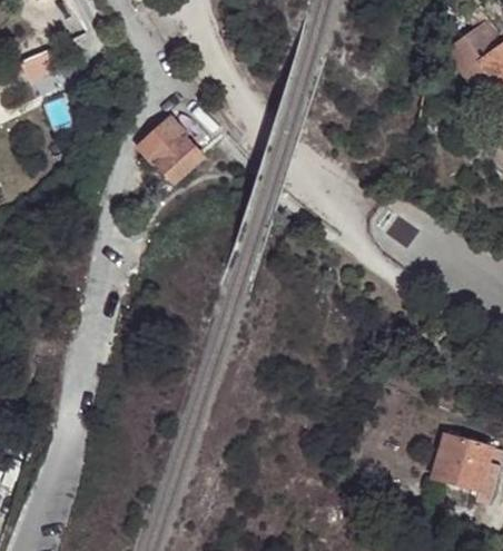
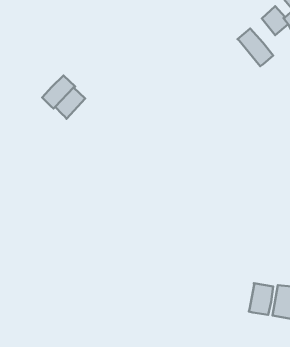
building: none -> [237,28,273,66]
building: none -> [249,283,273,315]

